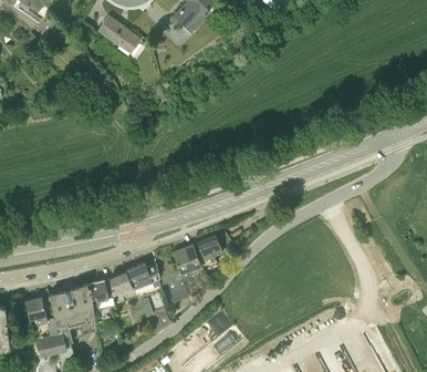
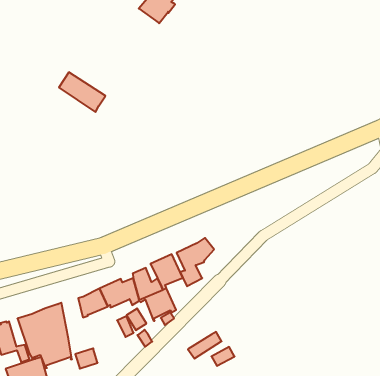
building: [97,16,139,53] -> [59,72,105,112]
building: [88,279,114,309] -> none

